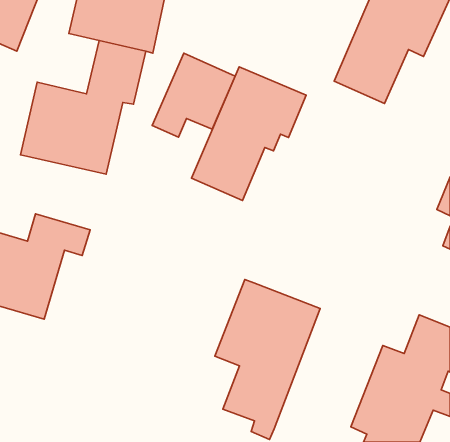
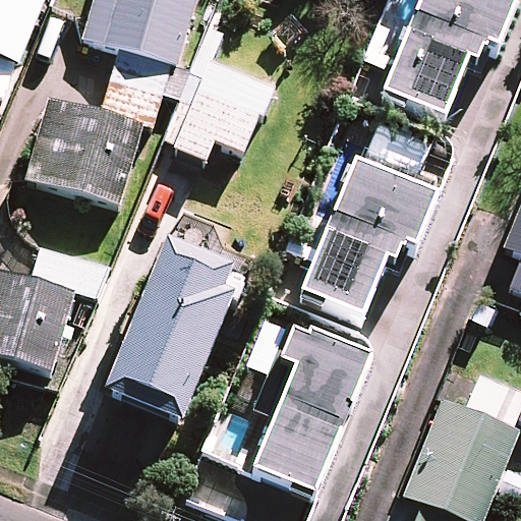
building: [191,67,306,200] -> [303,164,436,317]
building: none -> [108,238,247,422]

